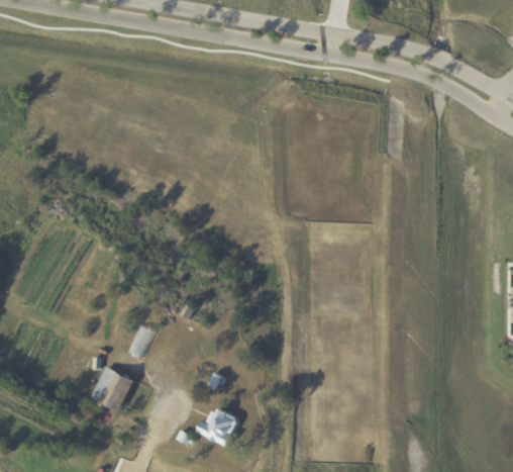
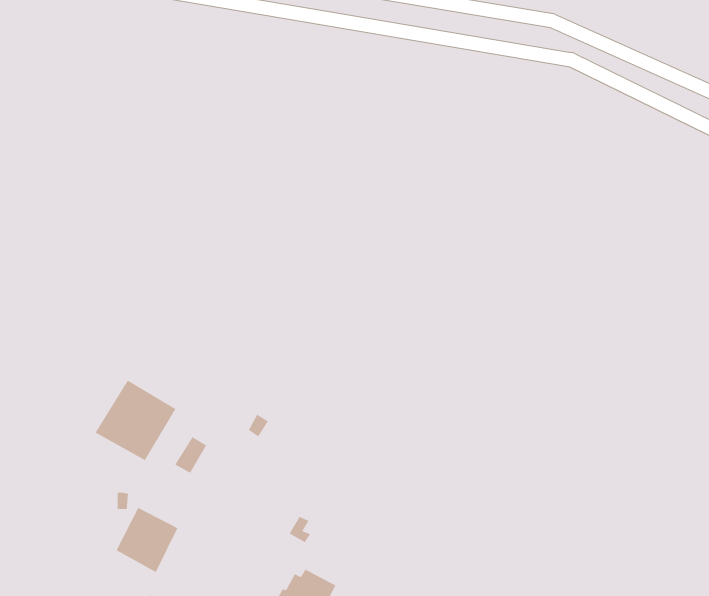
building: none -> [95,380,176,461]

